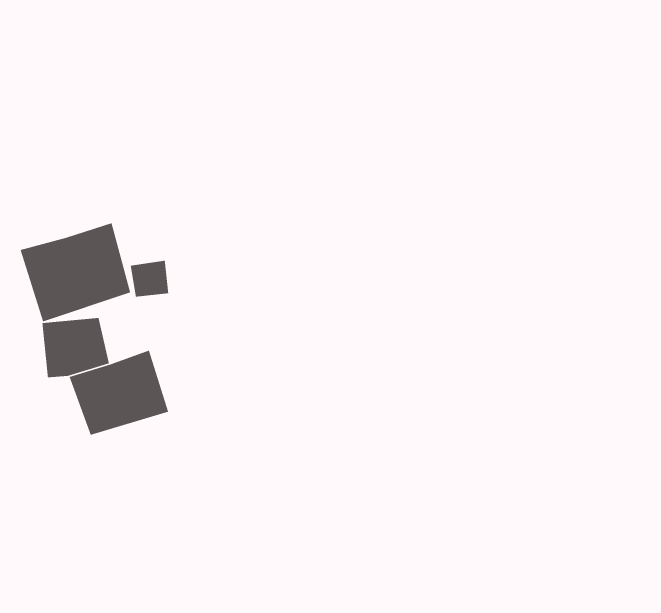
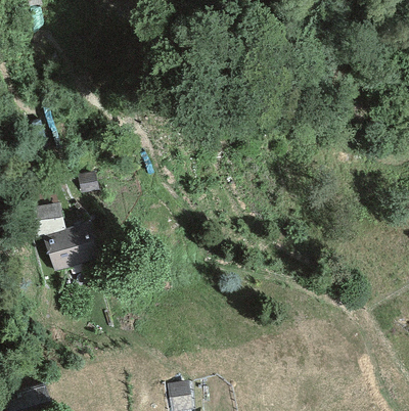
building: [19,222,131,322] -> none

